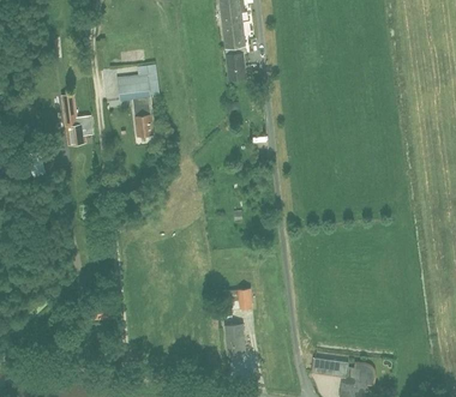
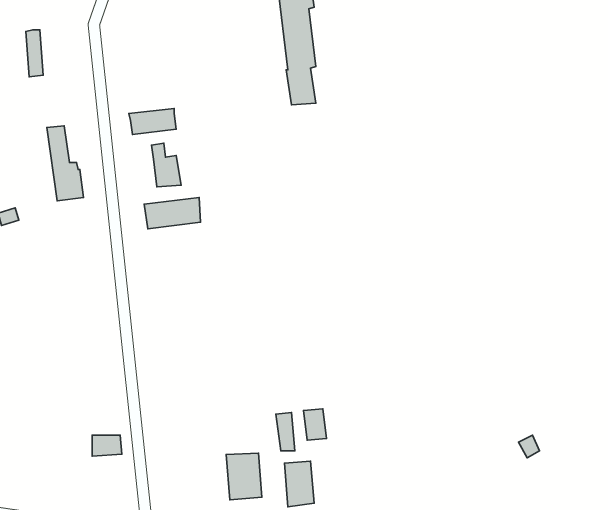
building: none -> [144,197,201,229]
building: none -> [226,453,262,500]

